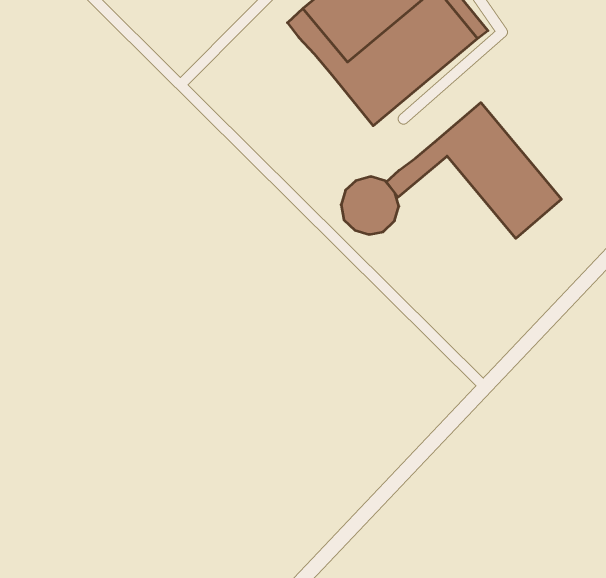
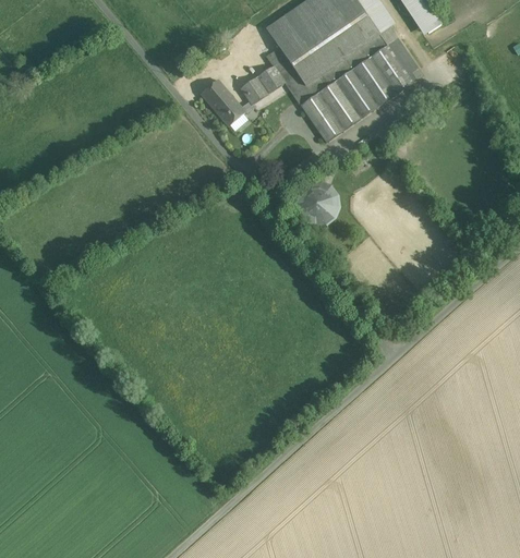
building: none -> [201,66,285,124]
building: [386,103,561,238] -> none

